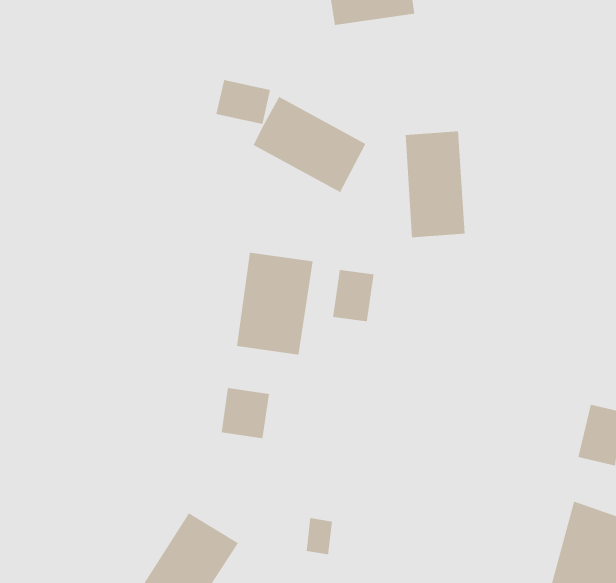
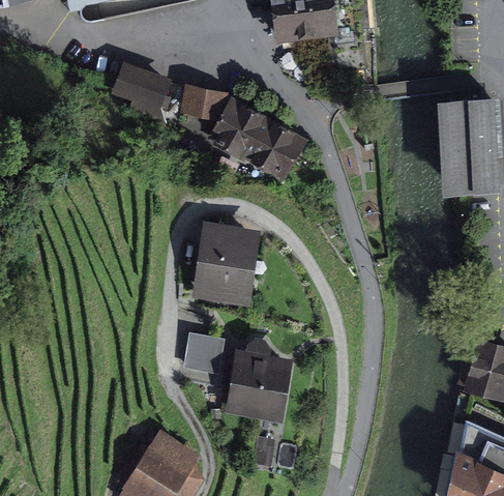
building: none -> [112,63,170,111]
building: [405,131,465,238] -> [445,104,494,189]
building: [333,269,374,322] -> none
building: none -> [232,356,288,416]

